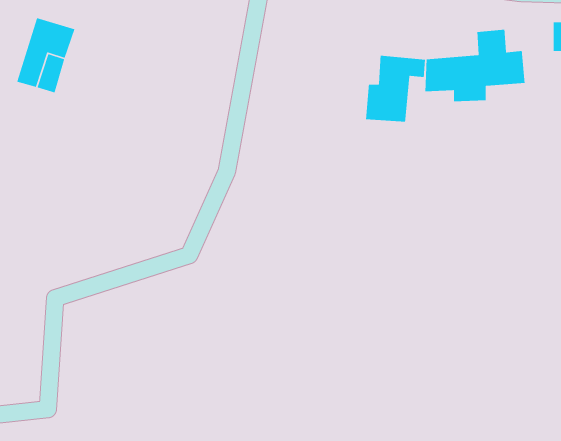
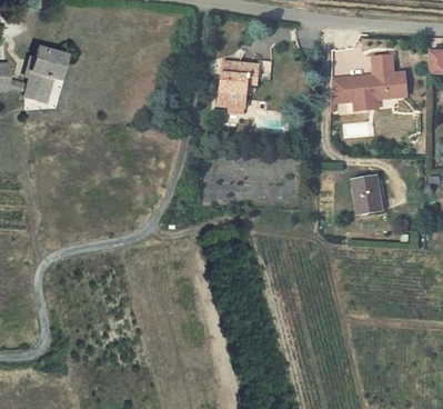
building: [365,55,426,123] -> [213,60,260,112]
building: none -> [352,174,383,215]

